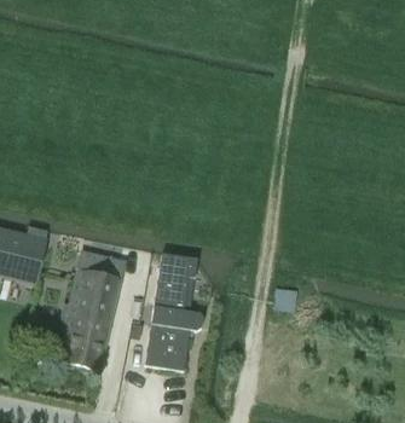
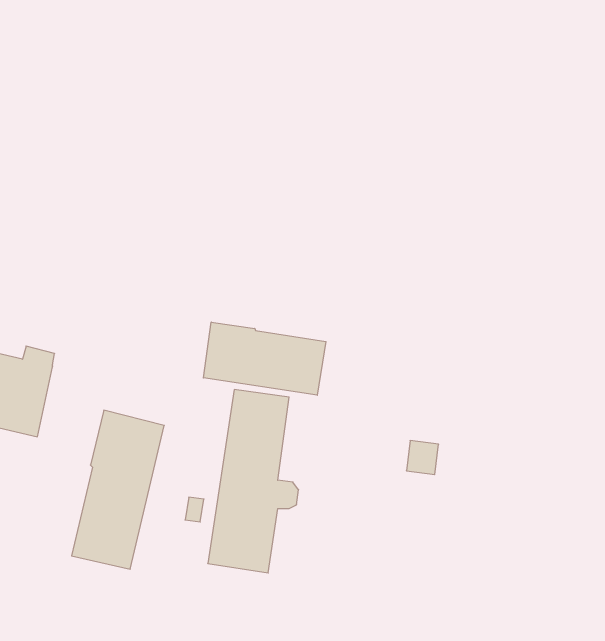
building: none -> [203,322,326,395]

